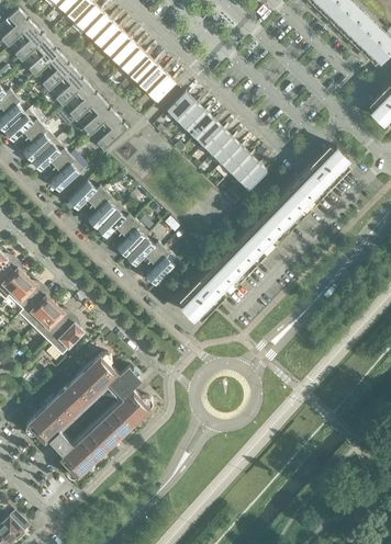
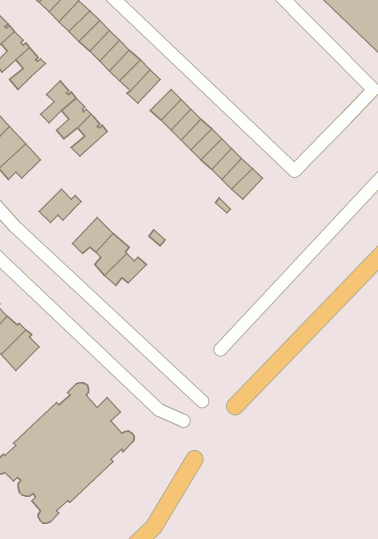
building: [55,68,86,105] -> none
building: [182,147,346,316] -> none
building: [49,154,82,191] -> none
building: [87,191,119,228] -> none
building: [145,247,174,284] -> none
building: [46,320,83,355] -> none

